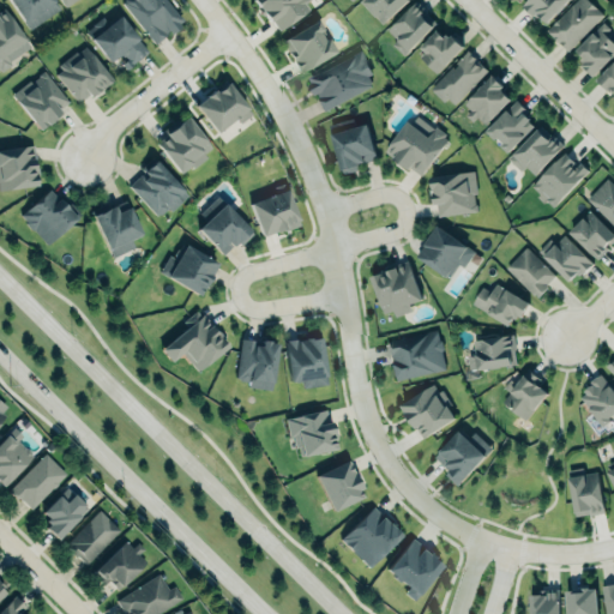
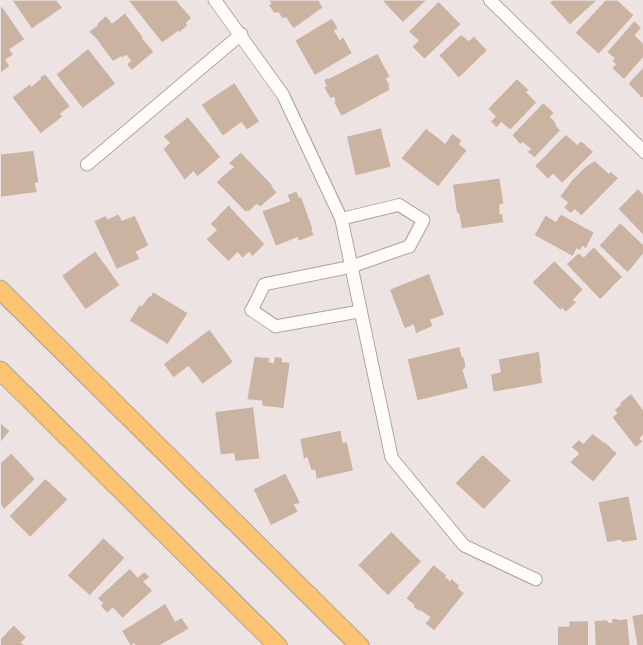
building: [432,50,489,104] -> none
building: [130,157,188,215] -> [216,152,278,213]
building: [22,189,78,246] -> [61,251,121,310]
building: [417,227,477,279] -> none
building: [162,245,218,295] -> [129,292,188,345]
building: [474,284,531,325] -> [534,214,595,257]
building: [285,337,329,389] -> [215,407,260,461]
building: [504,374,549,421] -> [570,433,618,482]
building: [403,385,458,440] -> none
building: [314,457,360,507] -> [253,473,301,526]
building: [43,495,86,540] -> none

